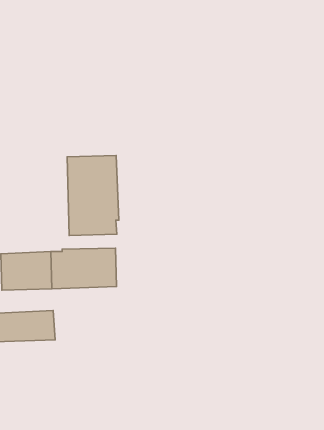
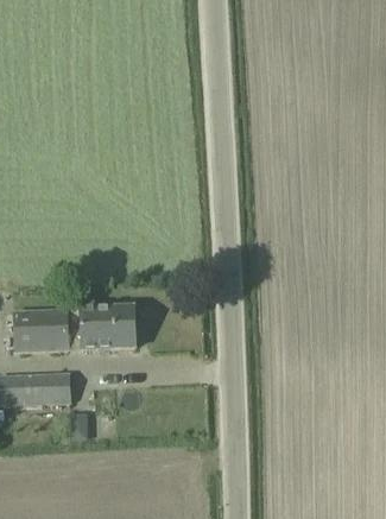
building: [67,155,119,236] -> none

